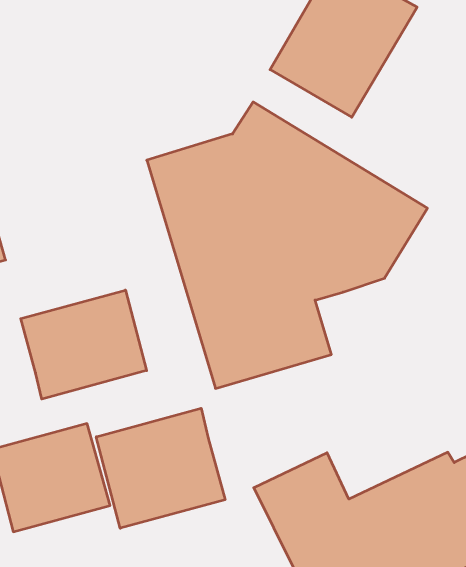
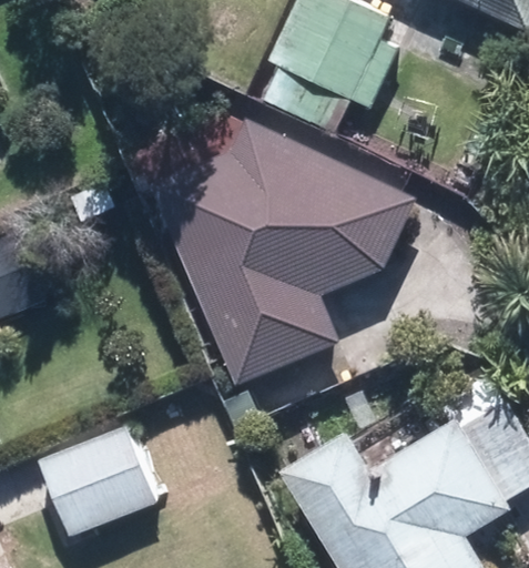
building: [21,290,147,399] -> none
building: [96,408,225,528] -> none

